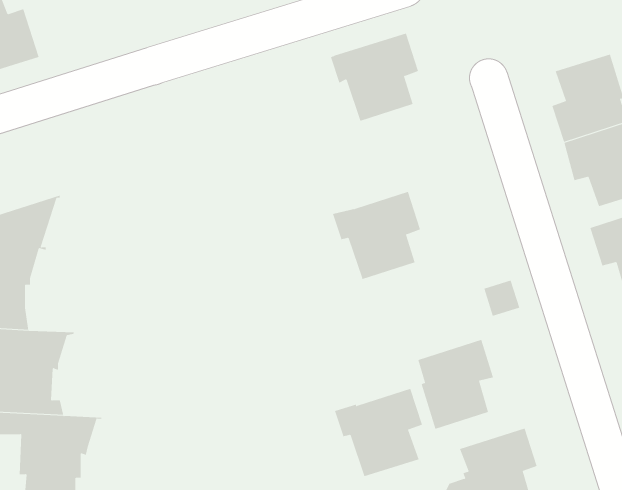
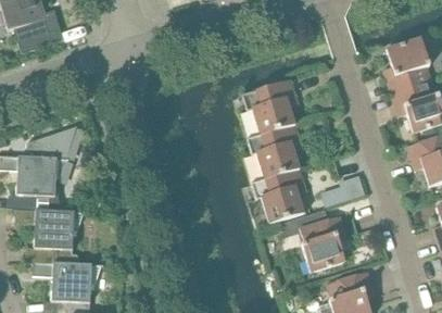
building: [330,33,419,122] -> [242,78,298,134]
building: [334,388,423,477] -> [251,167,306,223]

